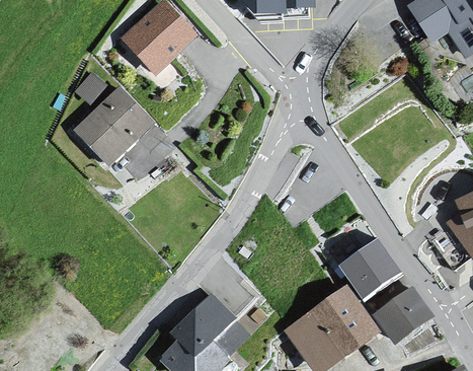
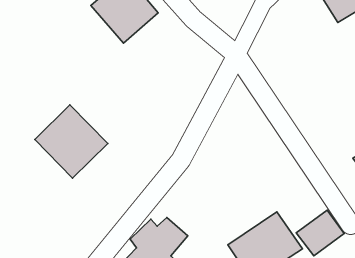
building: [67,81,159,173] -> [35,105,108,178]
building: [335,233,408,308] -> none

